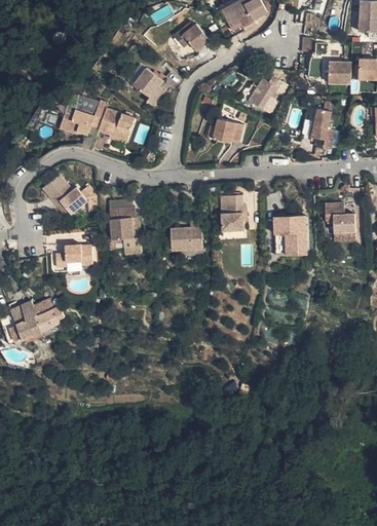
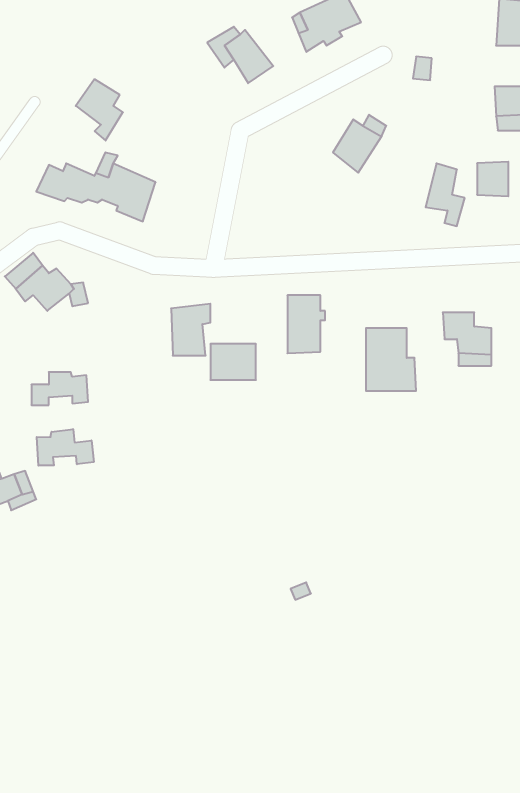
building: [330,62,350,84] -> [477,162,508,196]
building: [134,69,164,109] -> [76,79,123,141]
building: [216,120,246,144] -> none
building: [109,202,135,236] -> [171,304,210,356]
building: none -> [37,429,94,466]

